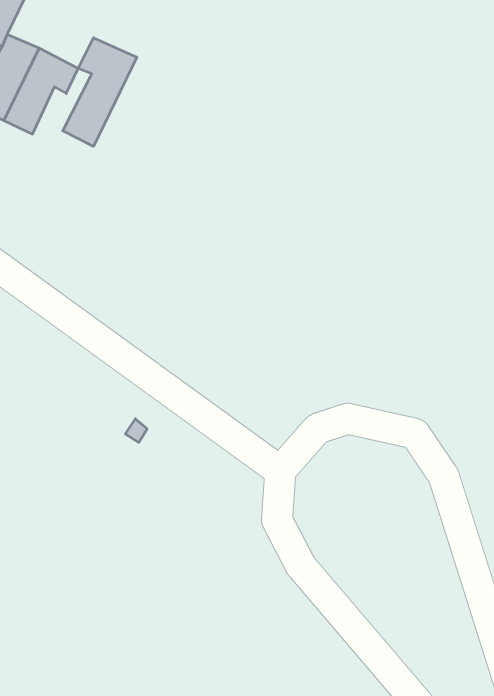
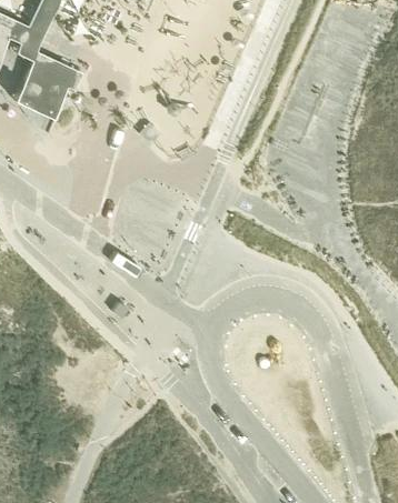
building: [63,38,137,146] -> none

